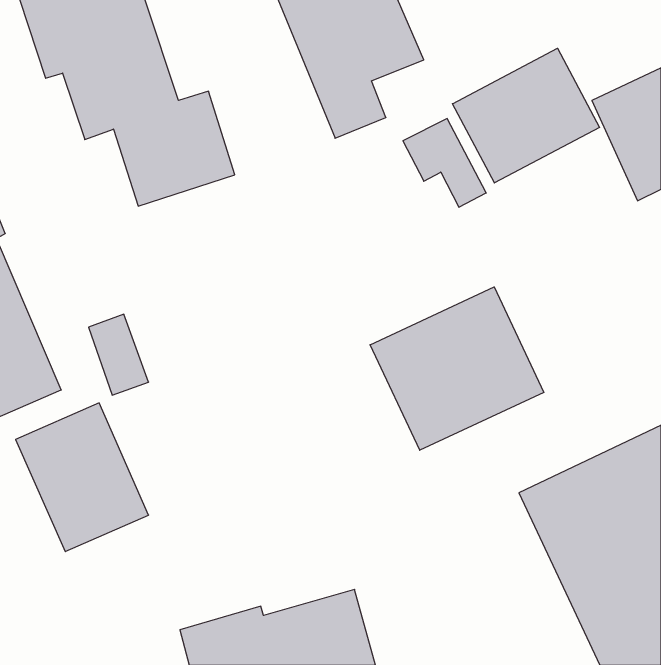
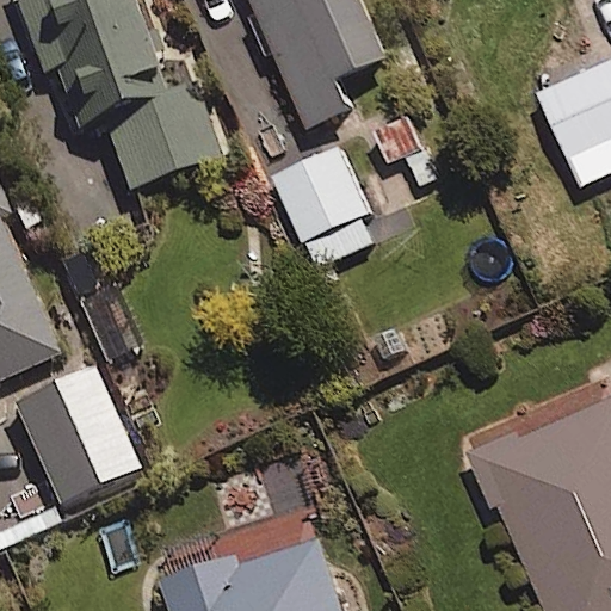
building: [452,48,600,183] -> none
building: none -> [277,146,374,265]
building: [370,287,544,450] -> none

